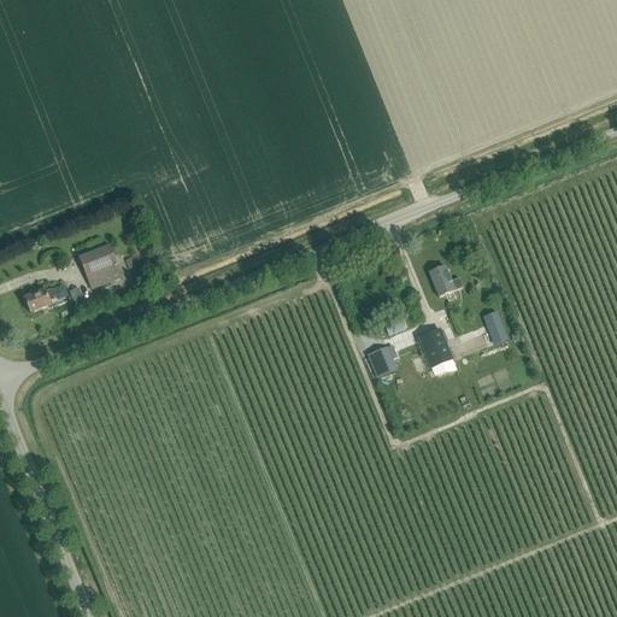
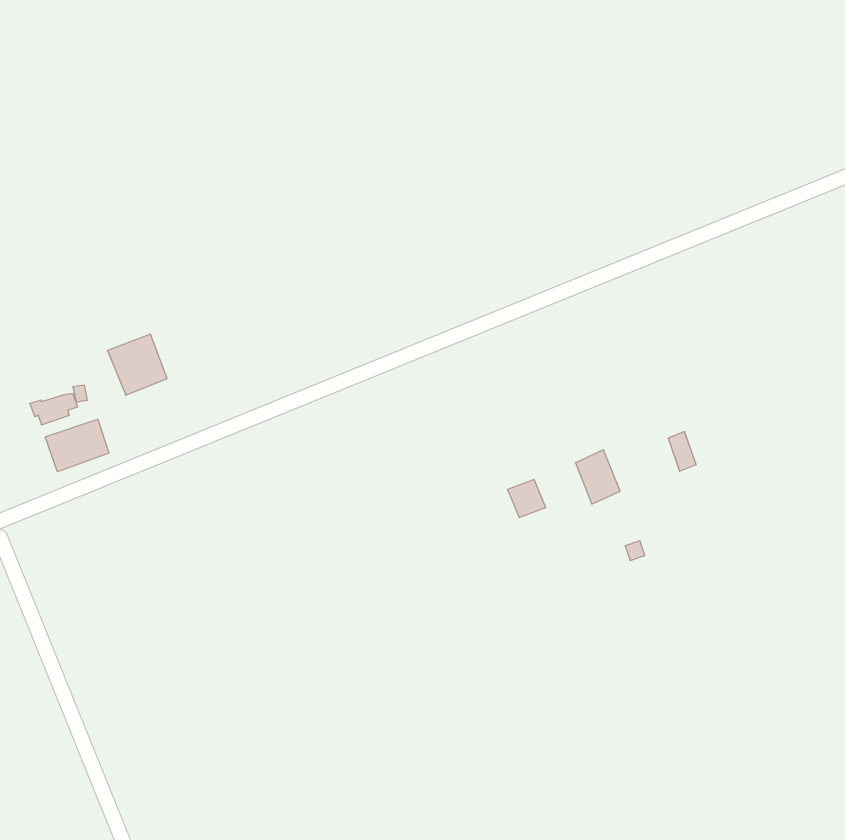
building: [429,264,457,299] -> none
building: none -> [45,419,109,472]

